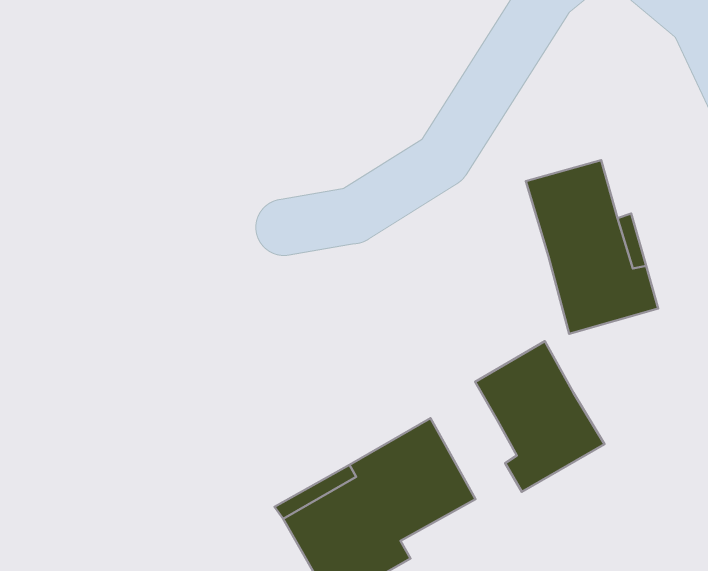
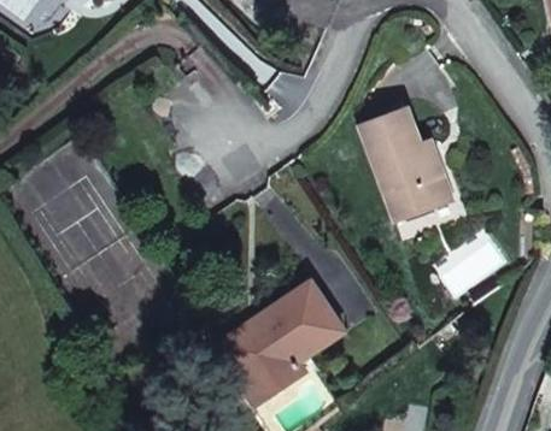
building: [475,341,605,492] -> none

